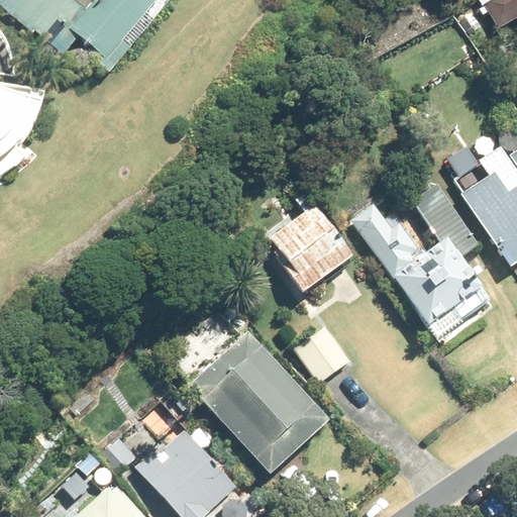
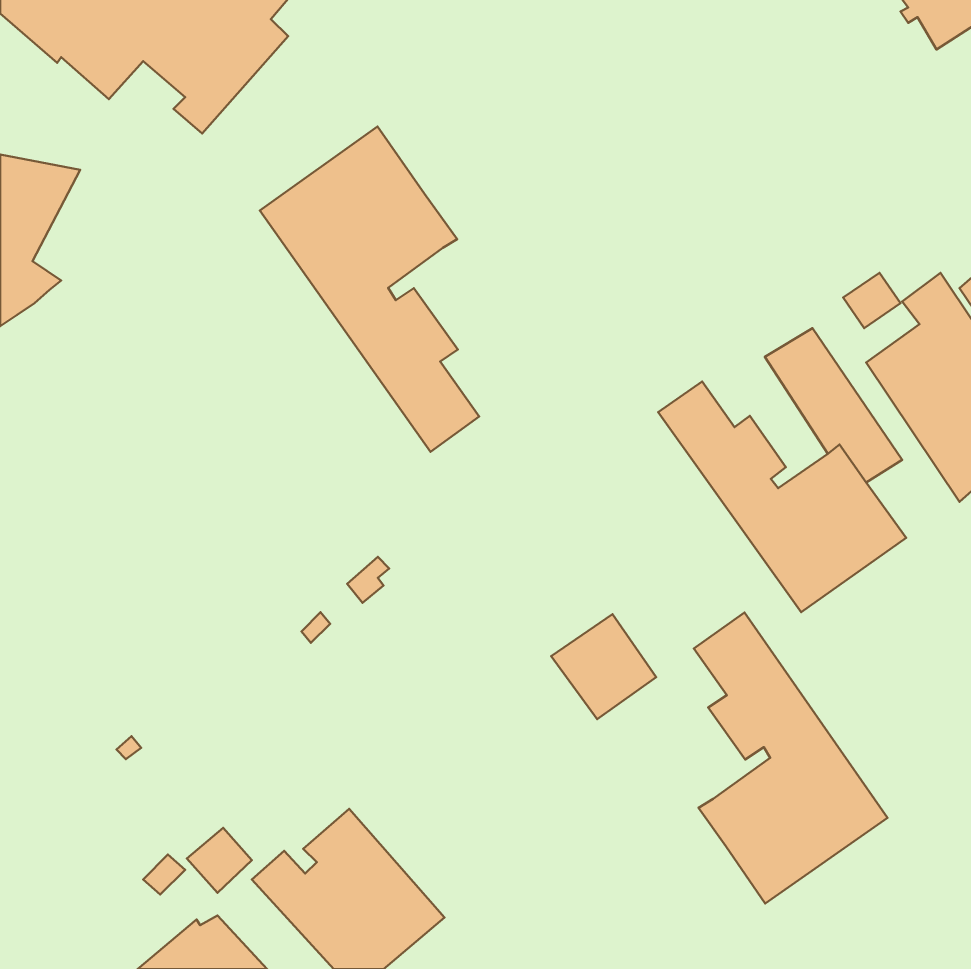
building: none -> [260,127,479,452]
building: [269,189,352,293] -> none
building: none -> [694,612,888,904]
building: [187,331,327,475] -> none

